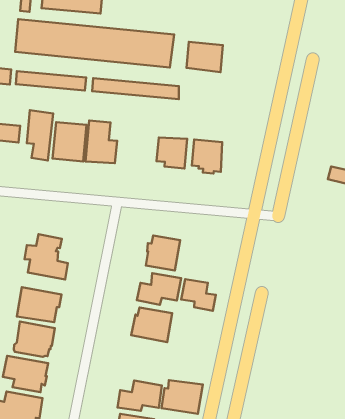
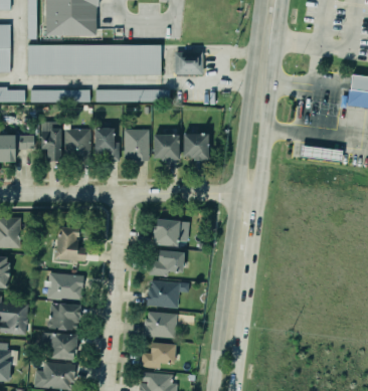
building: none -> [125,130,150,161]
building: [181,279,216,311] -> none
building: [162,380,203,414] -> [144,312,177,338]

